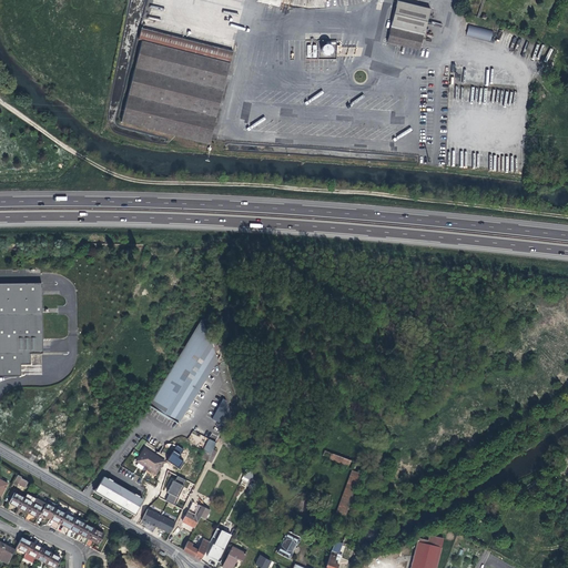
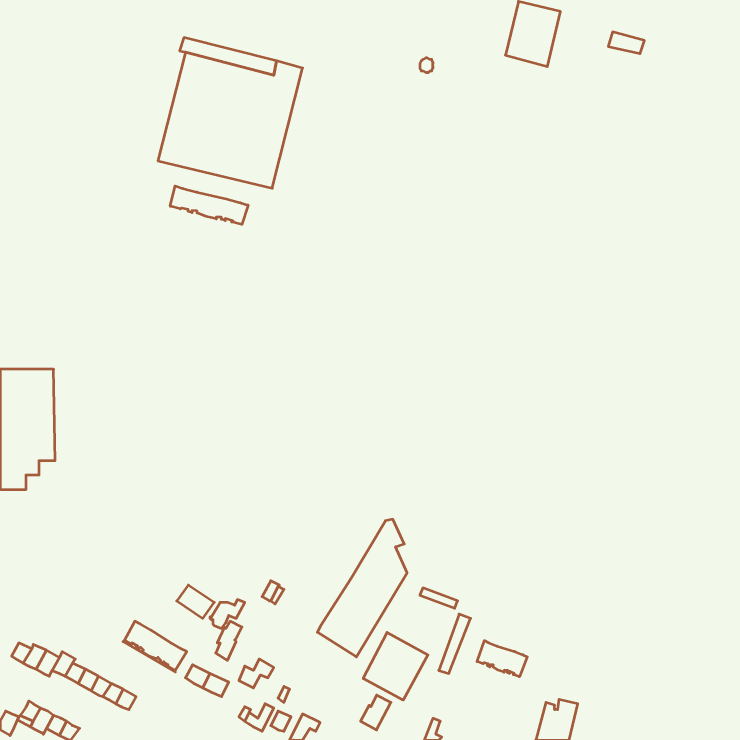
building: none -> [170,186,248,224]
building: [149,318,217,424] -> [317,519,407,657]
building: none -> [363,632,428,700]
building: none -> [477,641,527,677]

